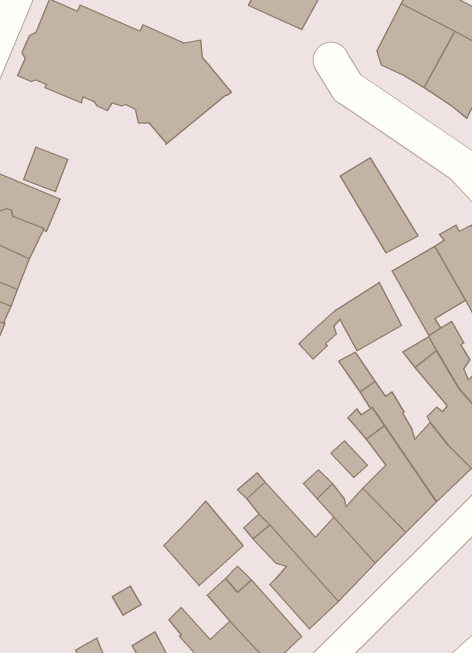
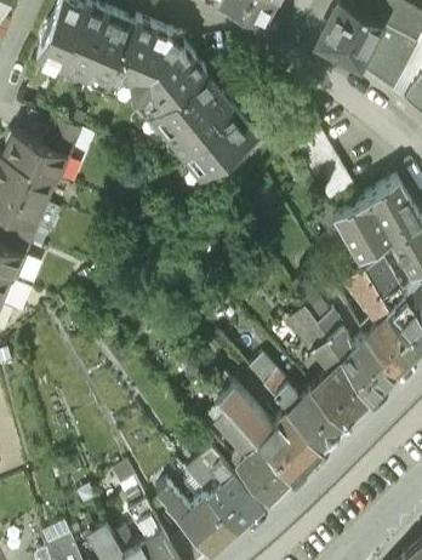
building: none -> [153,78,255,179]
building: [299,282,402,359] -> none
building: [164,501,243,586] -> none

